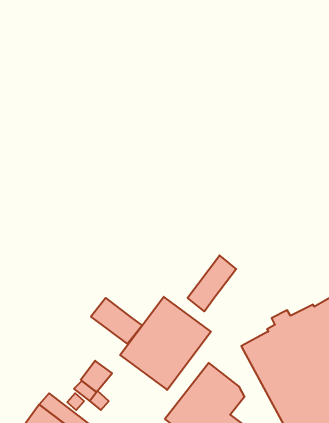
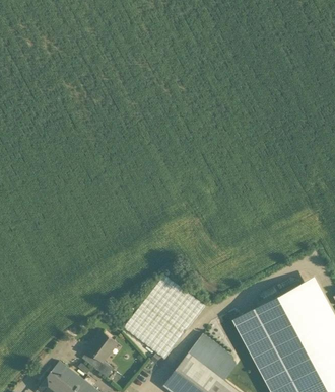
building: [188,255,236,311] -> none
building: [91,298,142,344] -> none

